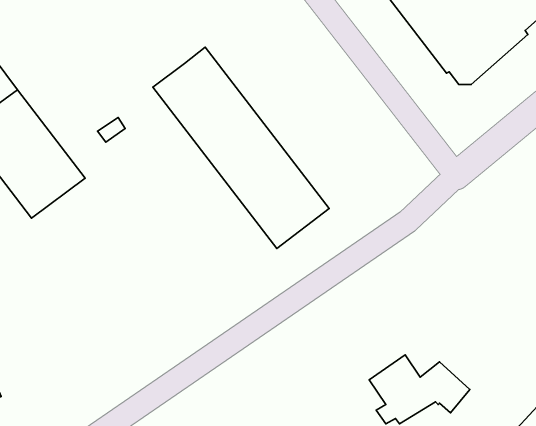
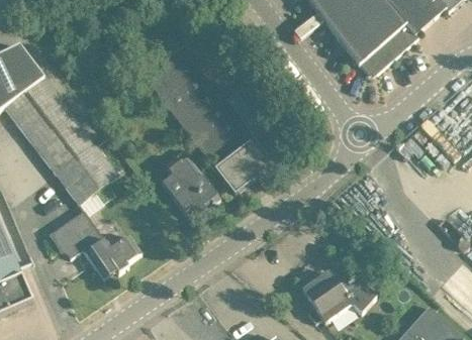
building: none -> [55,141,118,203]
building: none -> [163,149,220,218]
building: none -> [50,209,143,272]

